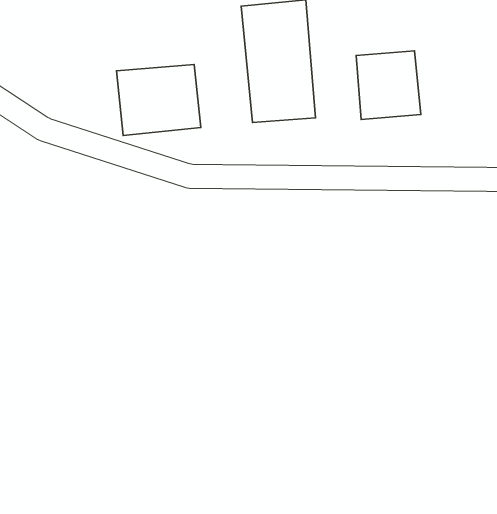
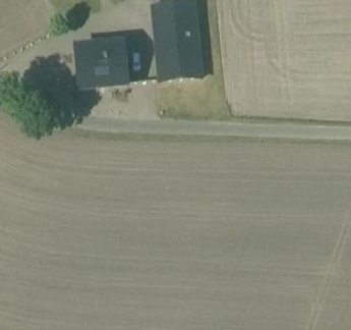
building: [356,51,421,120] -> none

